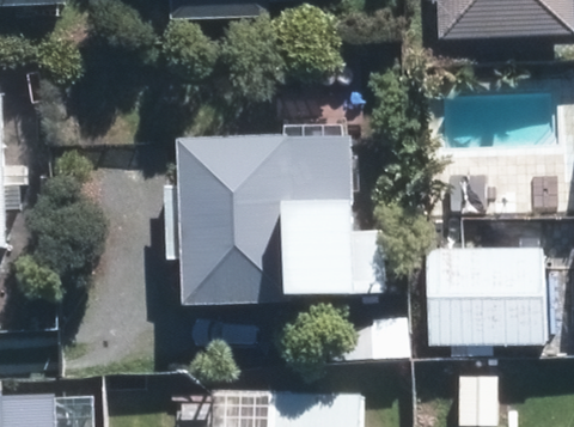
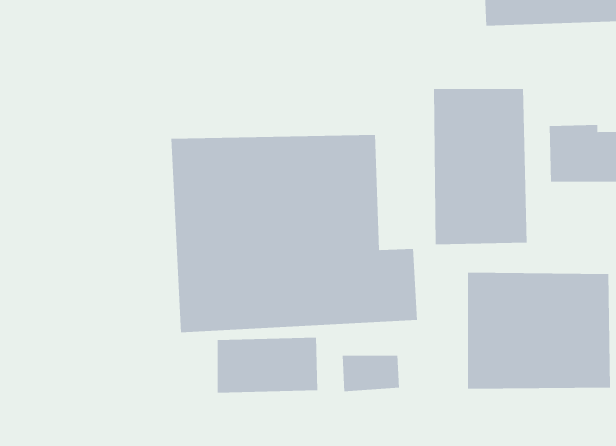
building: none -> [434,88,527,245]

